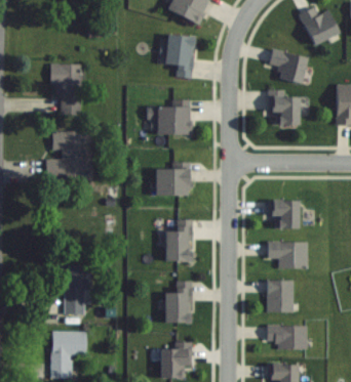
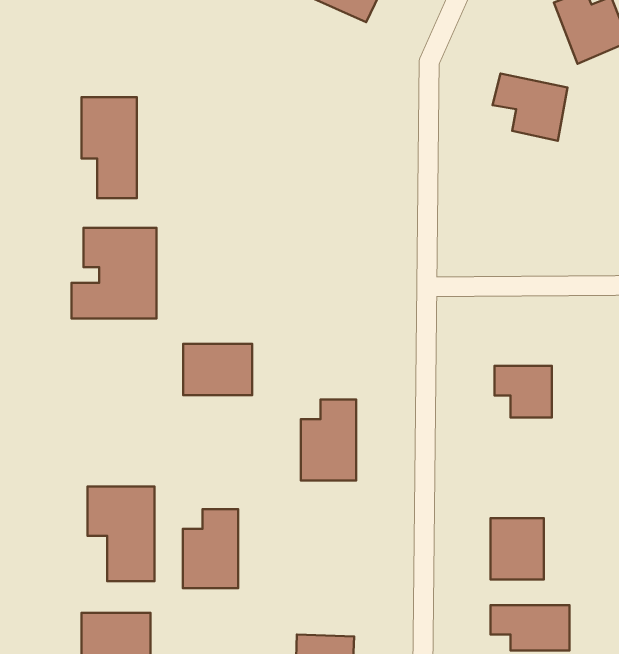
building: [166,34,197,79] -> none
building: [266,94,297,126] -> none
building: [149,105,192,134] -> none
building: [156,168,192,195] -> [183,344,252,395]
building: [264,242,306,268] -> none
building: [165,281,194,322] -> [183,509,238,588]

